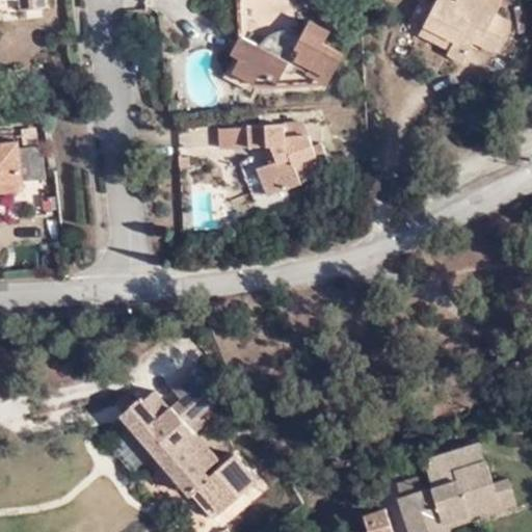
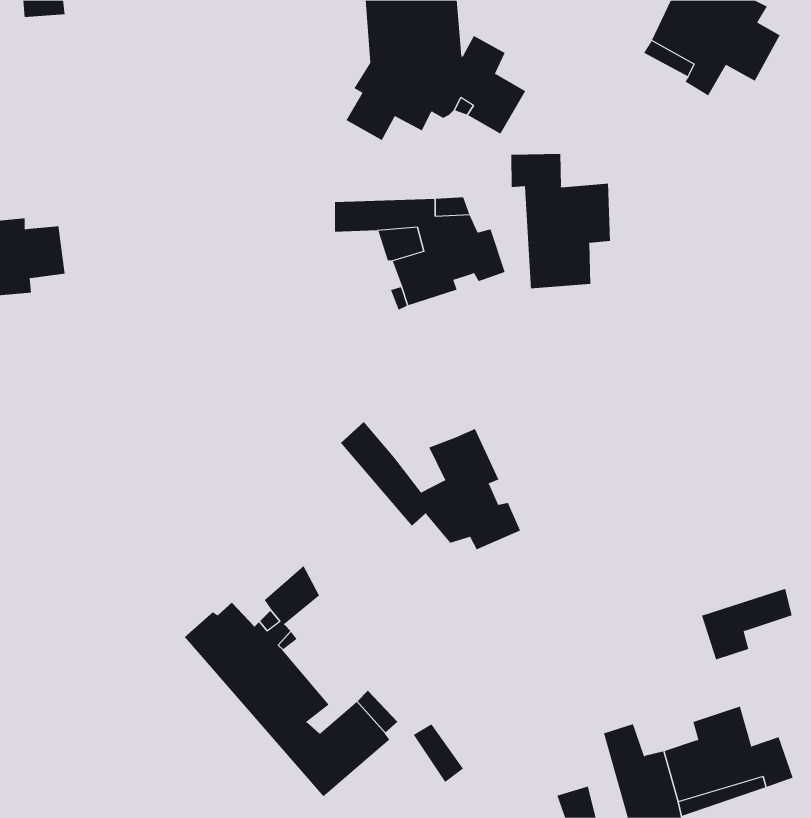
building: none -> [511,153,610,289]
building: none -> [340,421,521,550]
building: [422,441,481,487] -> [701,588,792,660]

